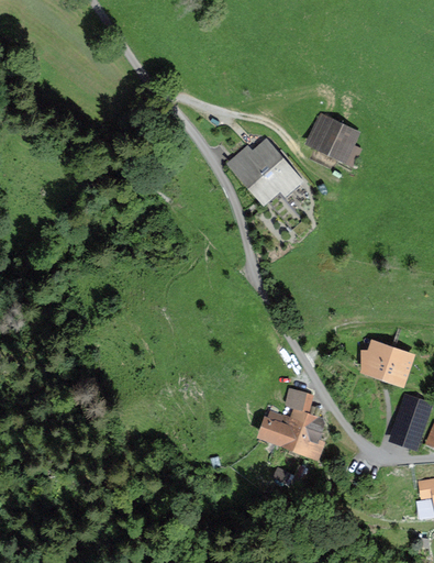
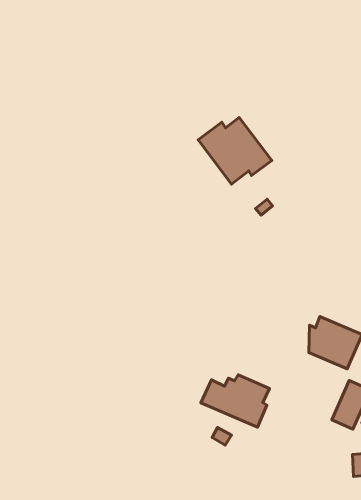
building: [303,111,360,164] -> none
building: [282,384,310,410] -> none

